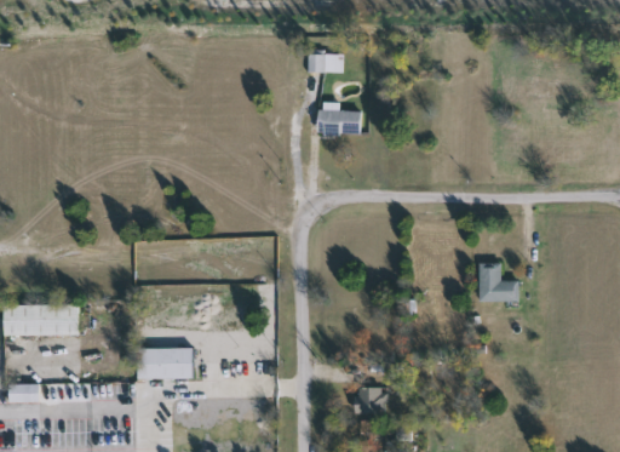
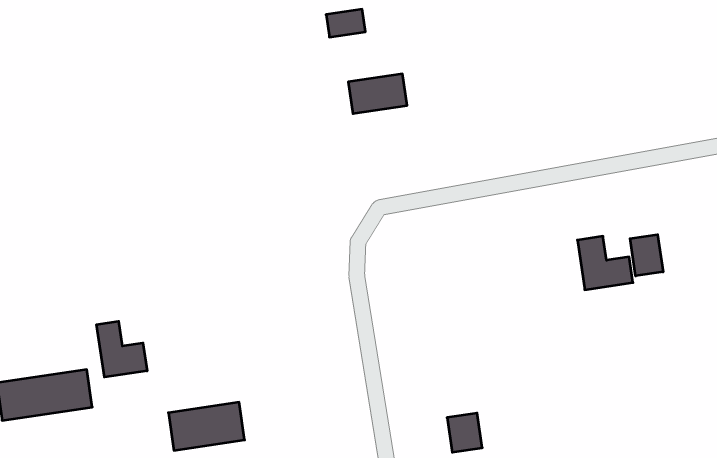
building: none -> [630,235,663,276]
building: none -> [97,321,147,377]

